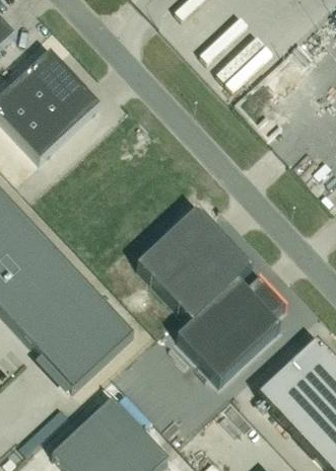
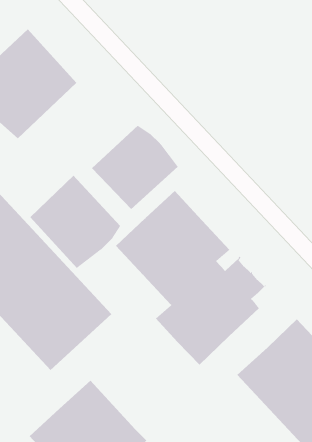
building: none -> [91,125,179,210]
building: none -> [29,175,121,269]

